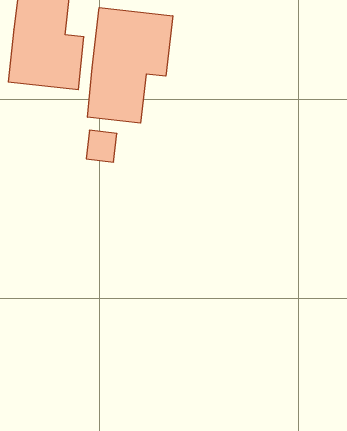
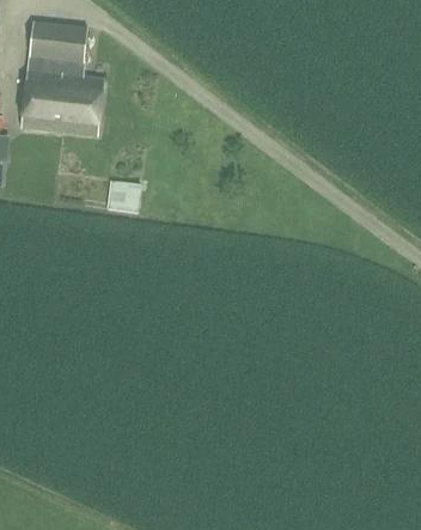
building: [88,8,173,123] -> none

